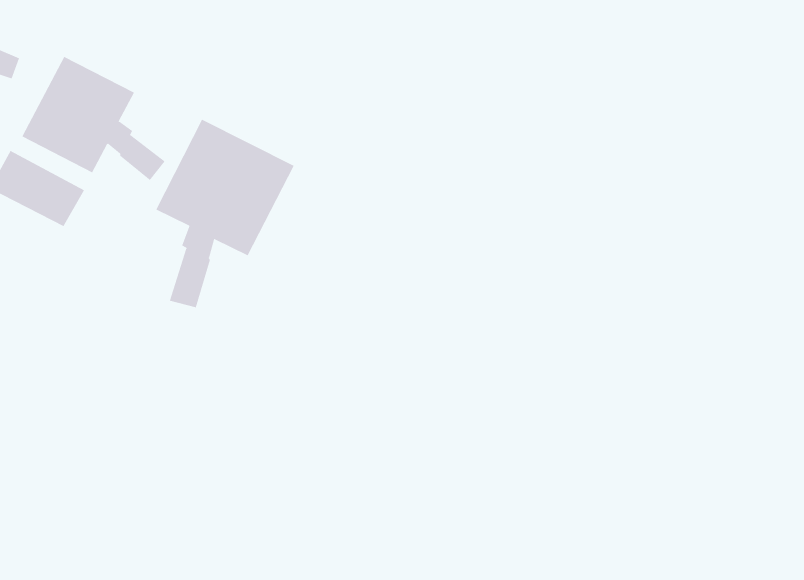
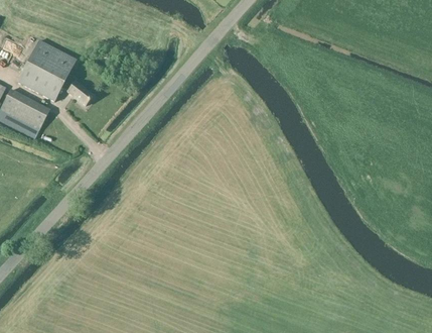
building: [155,119,295,308] -> none

